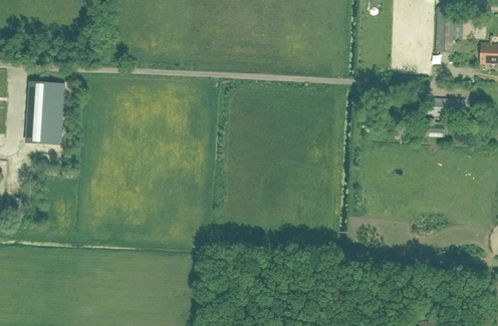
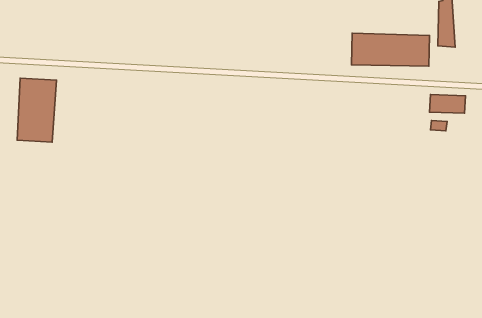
building: none -> [351,33,430,66]

